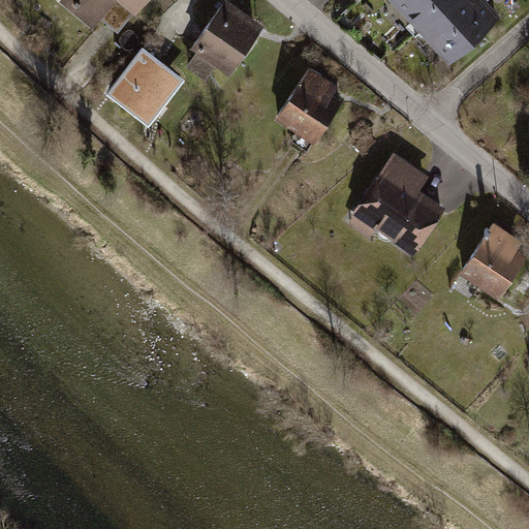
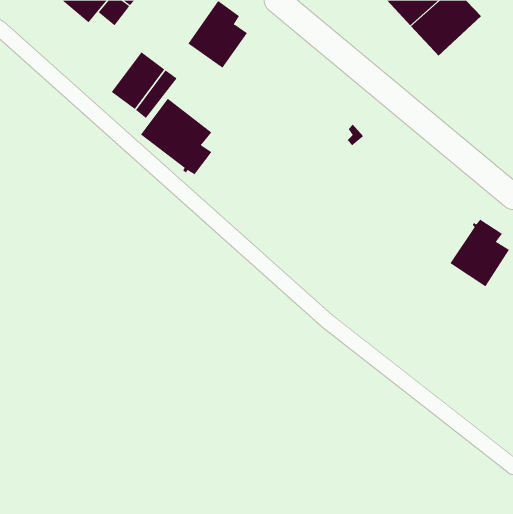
building: [277,70,339,141] -> none
building: none -> [140,98,212,175]
building: [360,155,439,248] -> none

